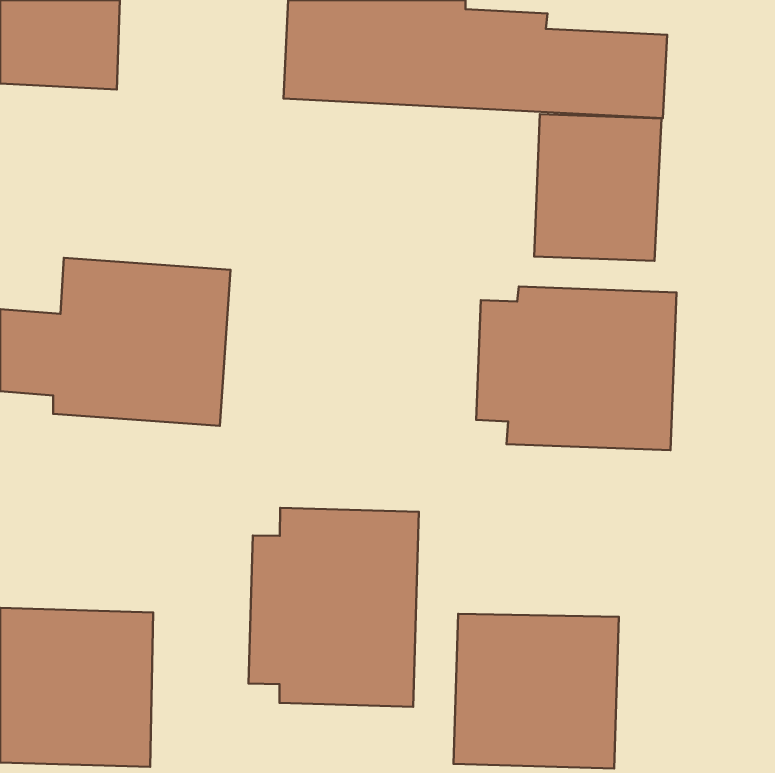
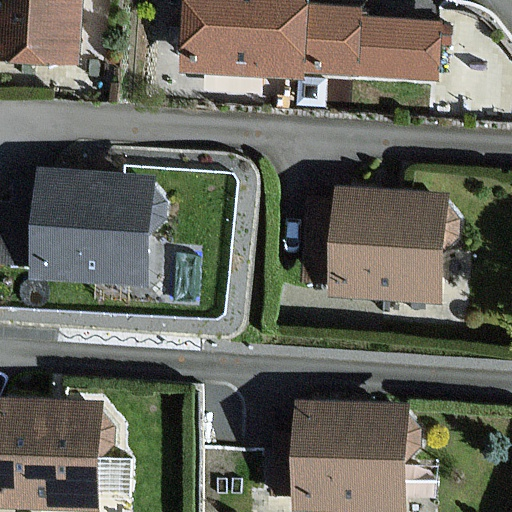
building: [534,114,661,261] -> none
building: [249,508,419,707] -> none

